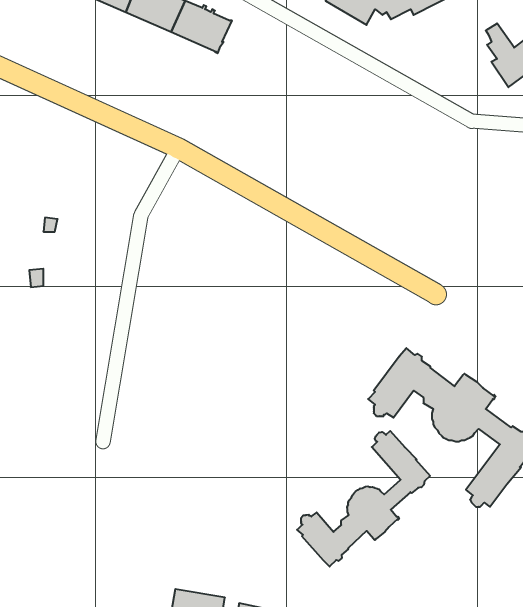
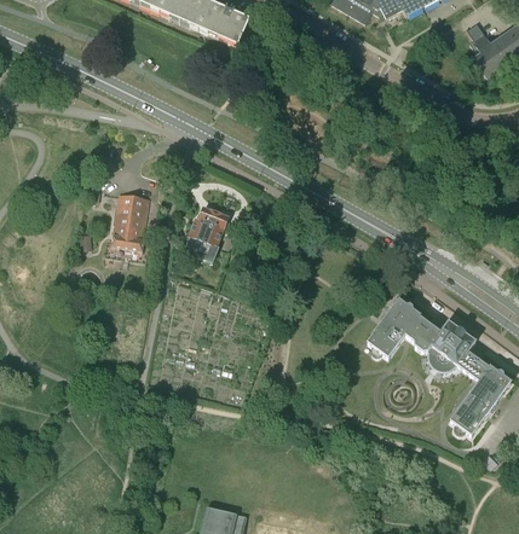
building: none -> [113,193,150,250]
building: none -> [185,208,229,262]
building: [297,431,430,567] -> none

